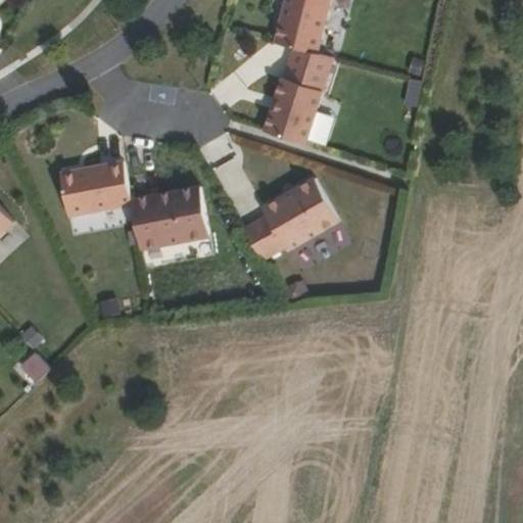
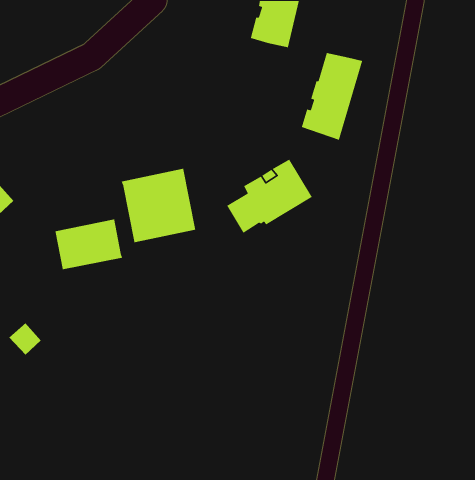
building: [262,49,329,145] -> [301,52,363,141]
building: [58,160,133,217] -> [54,218,123,270]

